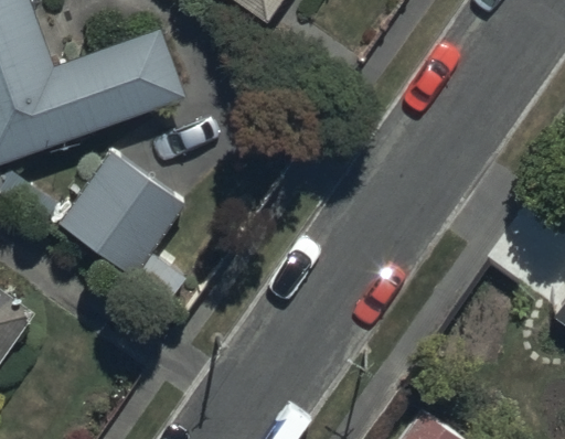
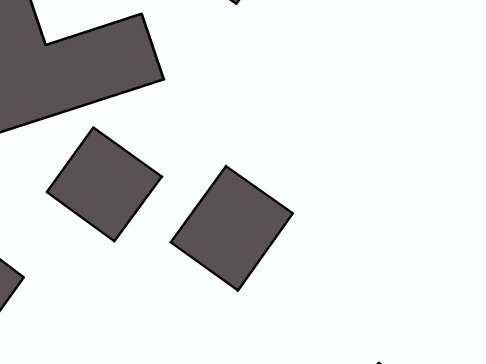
building: none -> [171,166,293,291]

